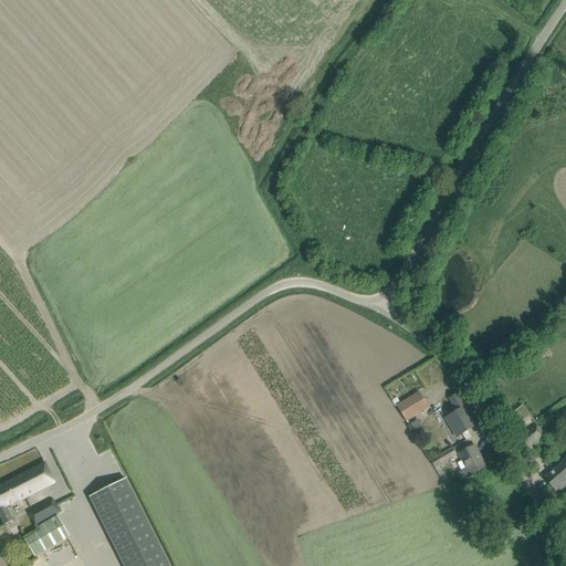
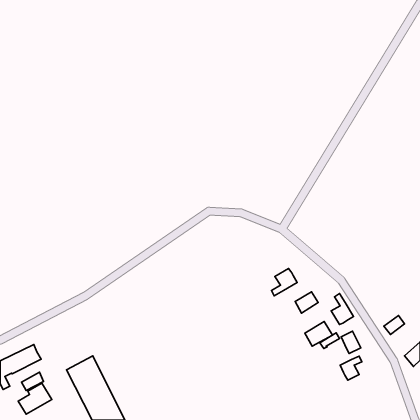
building: none -> [271,268,297,296]
building: none -> [305,322,332,346]
building: none -> [340,356,362,380]

